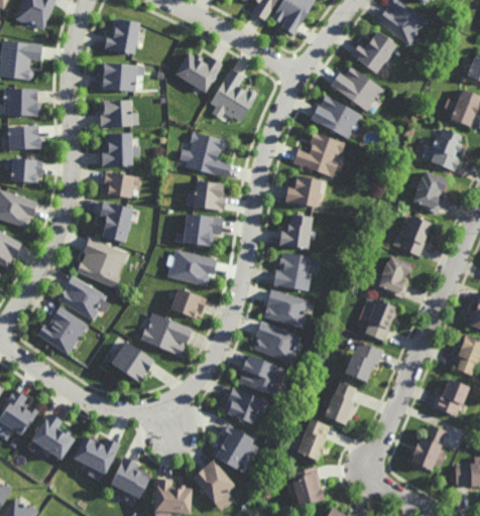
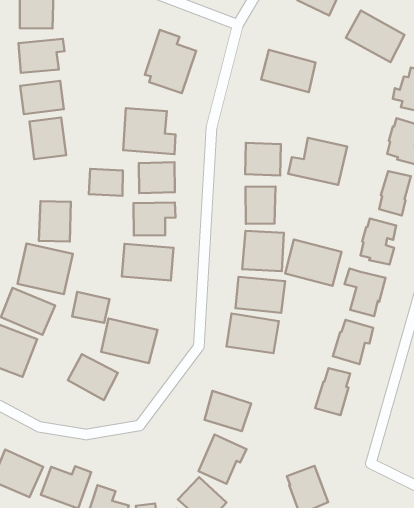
building: [174,49,220,92] -> none
building: [331,63,382,112] -> [346,10,404,62]
building: [292,133,347,177] -> [288,138,347,185]
building: [101,170,133,198] -> [89,169,123,196]
building: none -> [285,240,341,286]
building: [170,289,205,319] -> [72,292,109,323]
building: [237,356,287,398] -> none
building: [294,416,329,459] -> none

